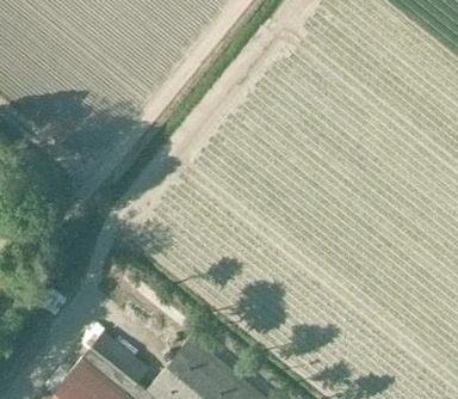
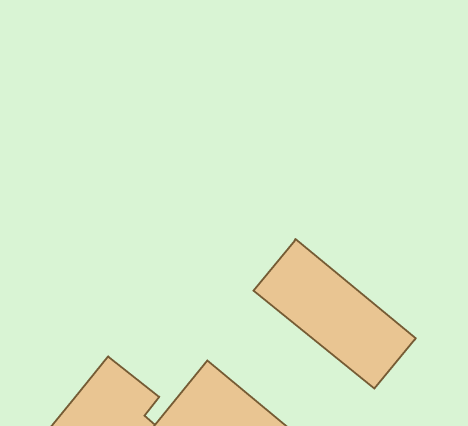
building: none -> [253,239,416,389]

